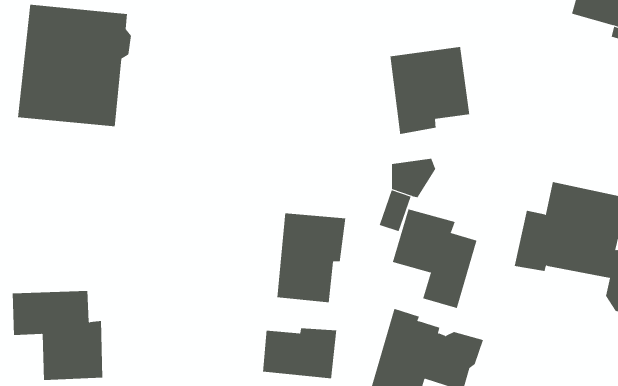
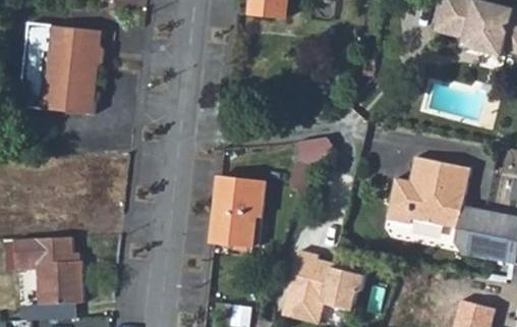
building: [390,46,470,135] -> none
building: [392,208,477,309] -> none
building: [262,328,337,379] -> none

